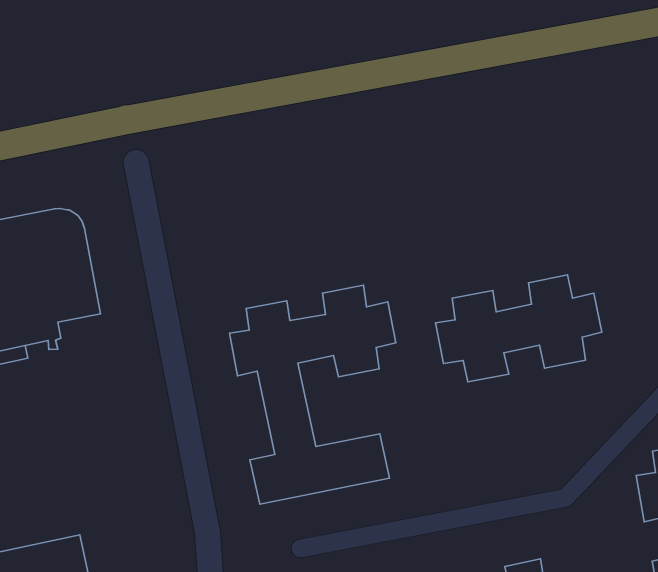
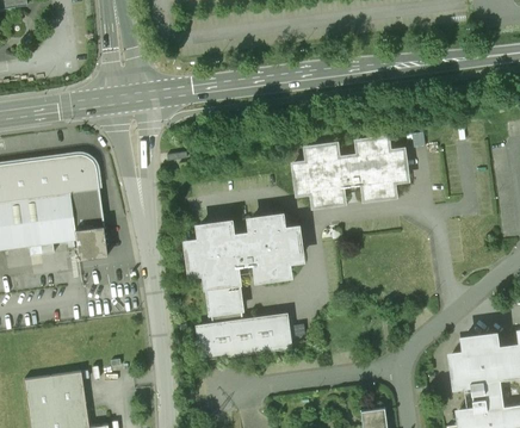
building: [436,275,602,382] -> [296,137,406,204]
building: none -> [75,225,107,259]

